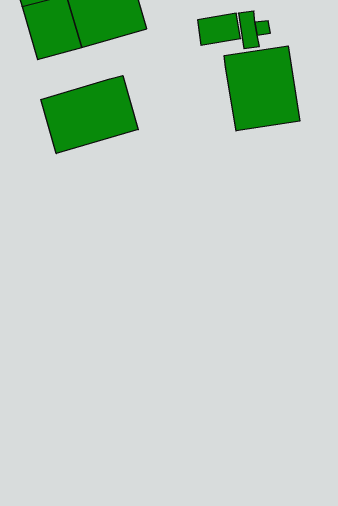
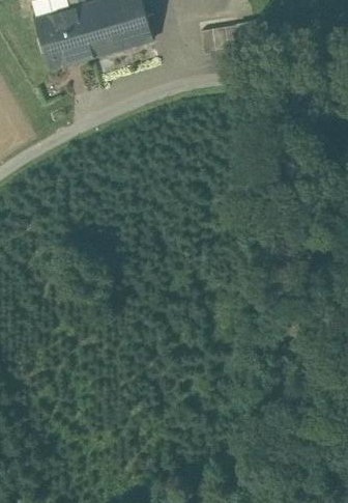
building: [224,46,300,131] -> none
building: [41,76,138,154] -> none

